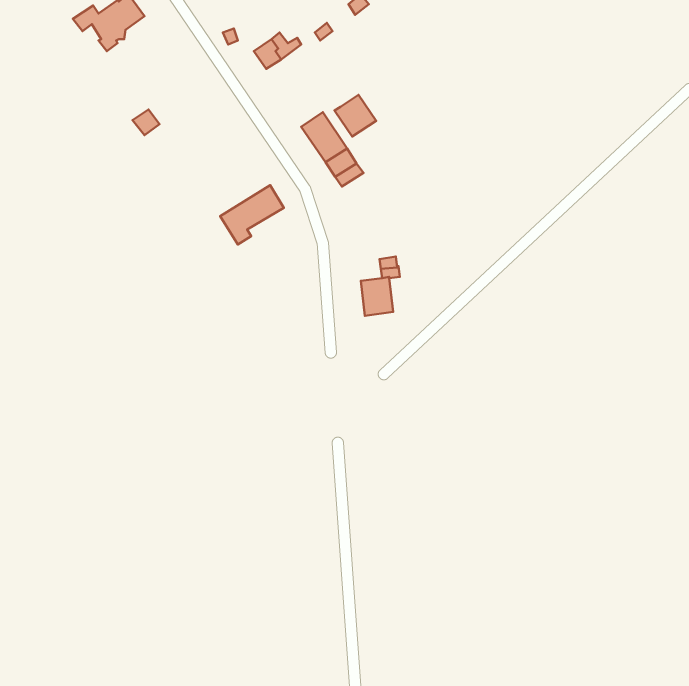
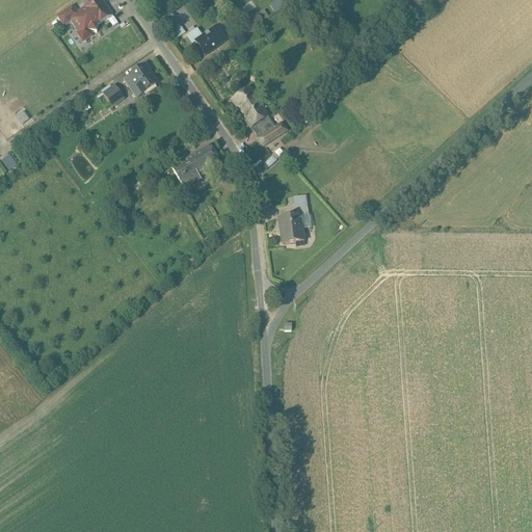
building: none -> [123,63,156,92]
building: [334,95,376,136] -> none

